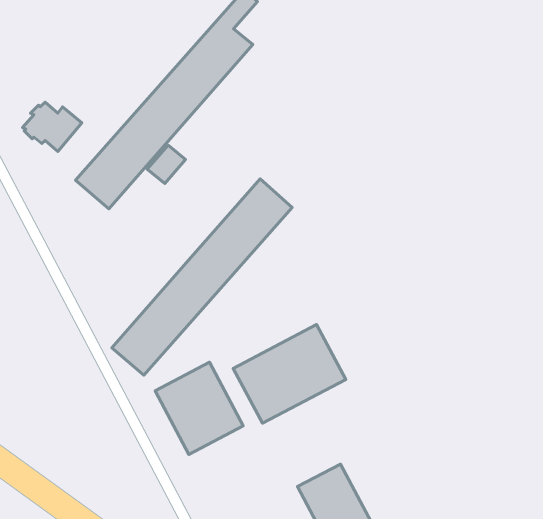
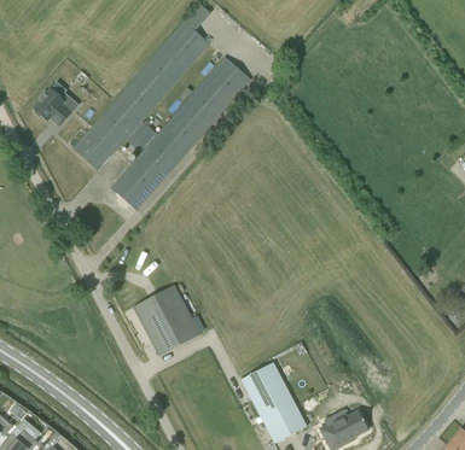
building: [112,179,292,375] -> [112,59,249,208]
building: [233,325,346,423] -> none

